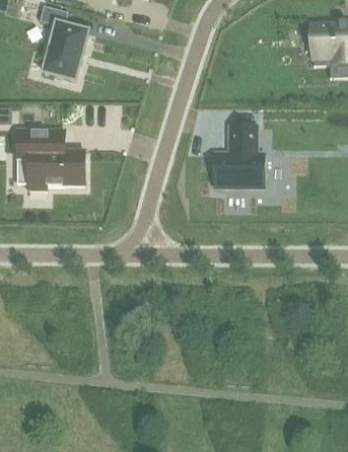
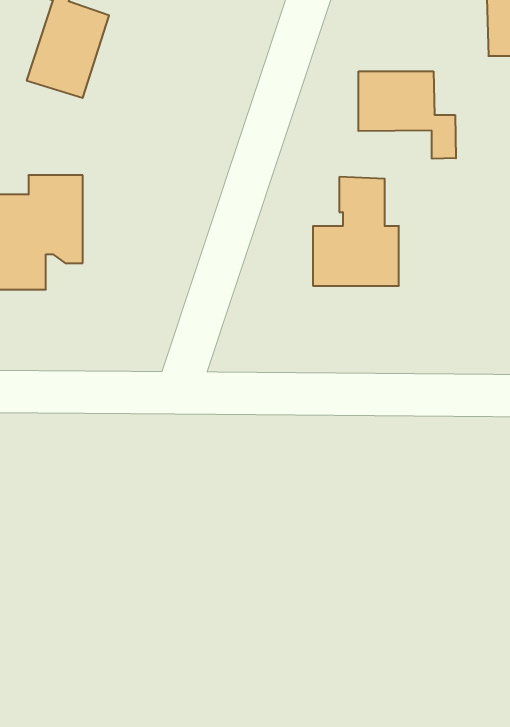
building: none -> [358,71,456,159]

